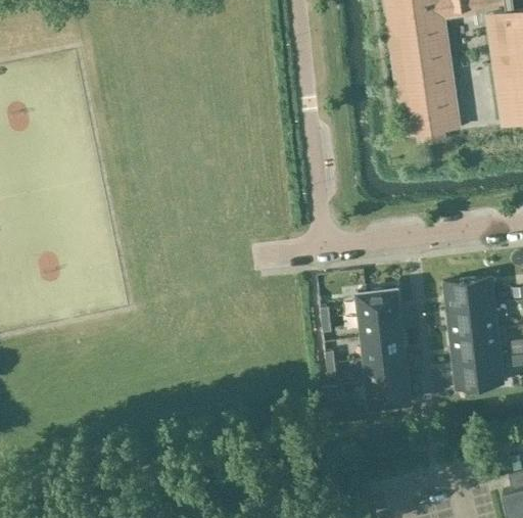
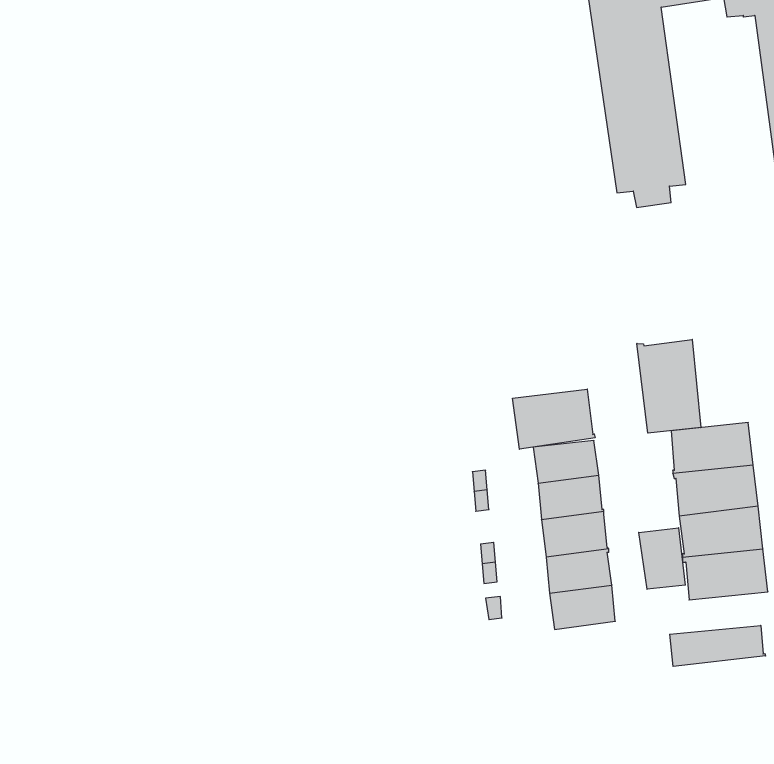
building: none -> [637,339,701,433]
building: none -> [513,389,595,449]
building: none -> [639,528,685,589]
building: none -> [670,625,766,666]

